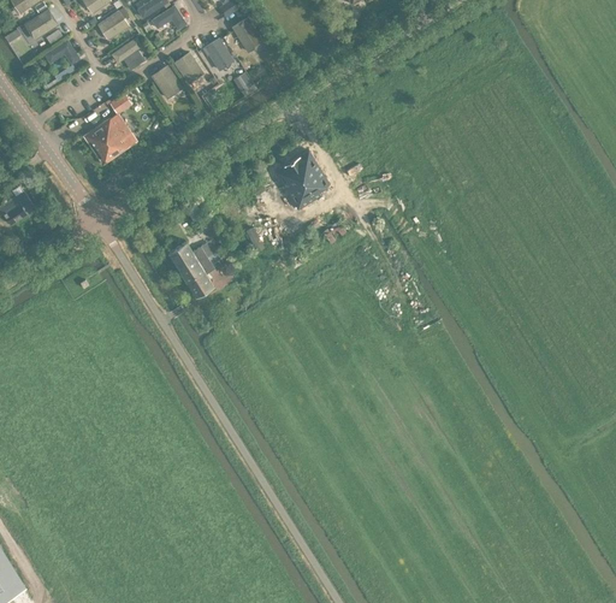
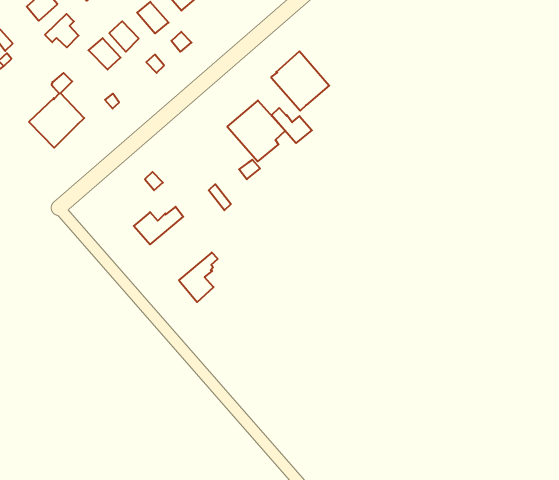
building: none -> [272,51,329,111]
building: none -> [271,108,312,143]
building: [182,252,223,297] -> [179,252,218,302]

